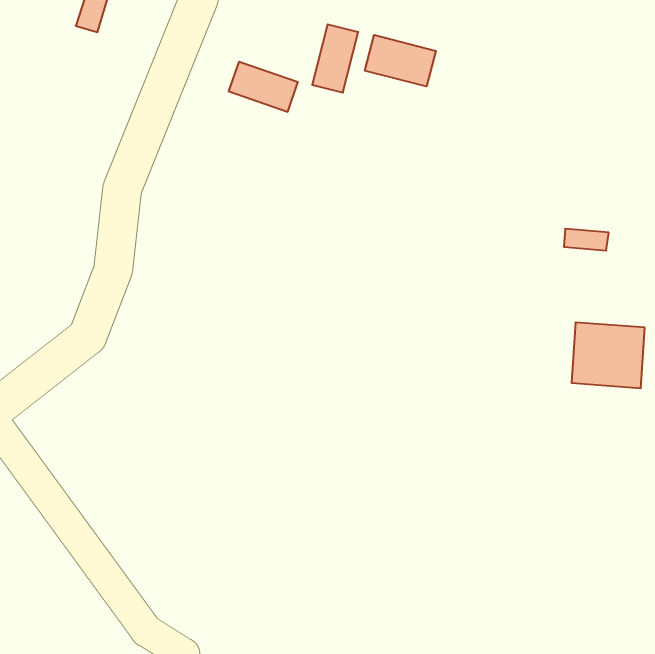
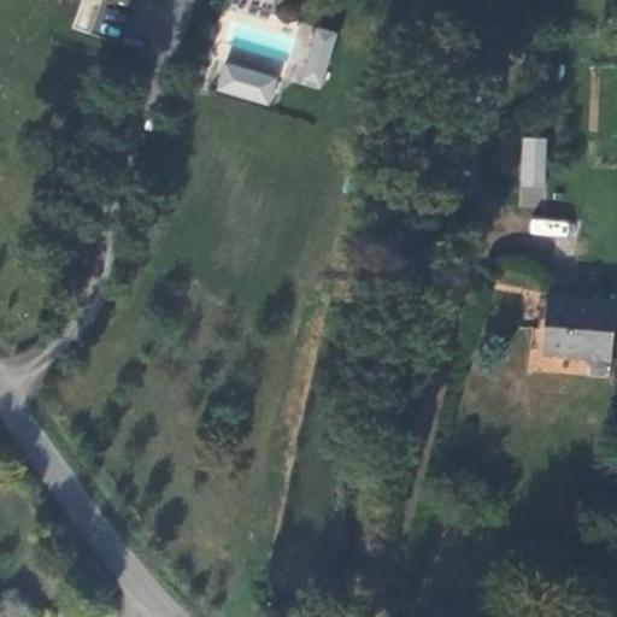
building: [365,35,436,86] -> none
building: none -> [519,133,547,205]

